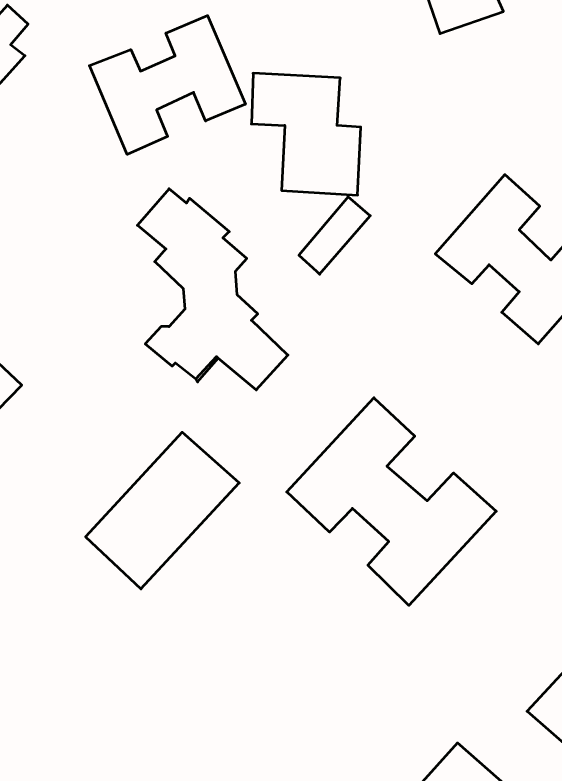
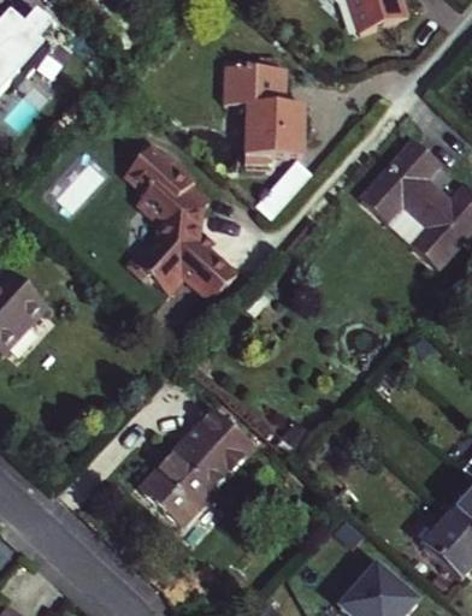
building: [89,16,245,154] -> none
building: [287,398,496,605] -> none
building: [86,432,239,589] -> [134,405,250,525]

